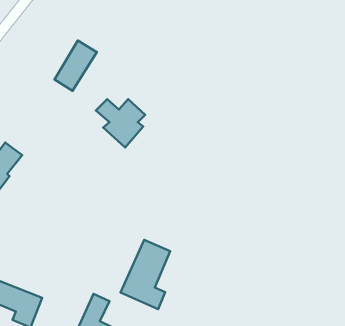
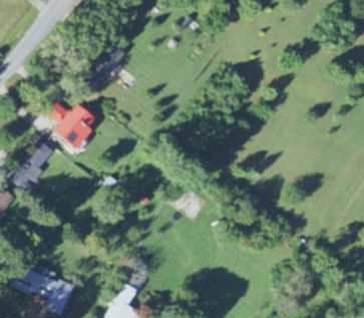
building: [96,99,145,147] -> [49,103,96,149]
building: [121,240,170,309] -> none

